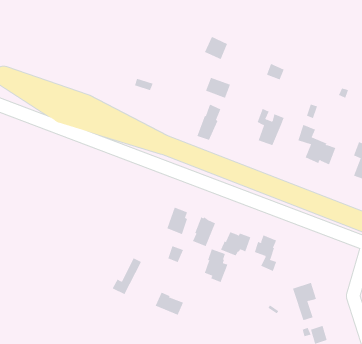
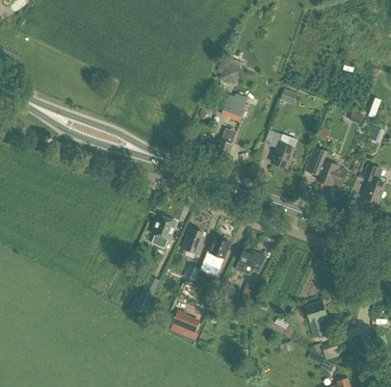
building: none -> [151,214,176,248]
building: [254,234,277,272] -> none
building: [204,248,228,283] -> none

